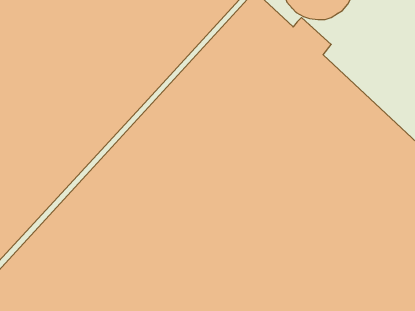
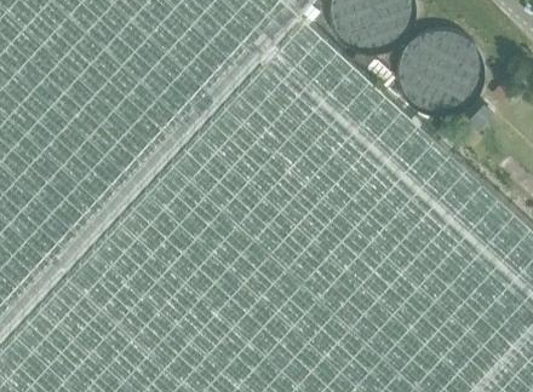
building: none -> [402,31,485,114]

